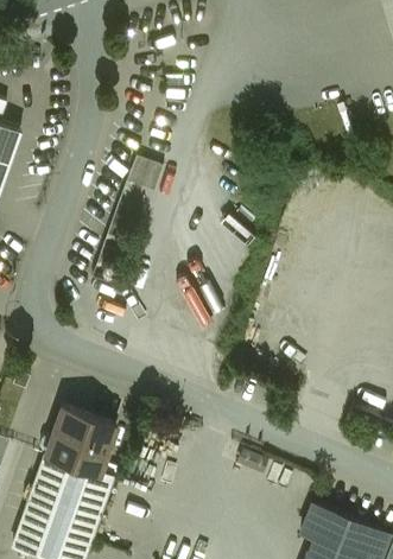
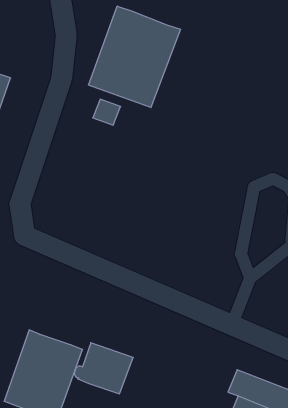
building: none -> [88,6,180,108]
building: [40,409,116,475] -> [74,343,133,394]

